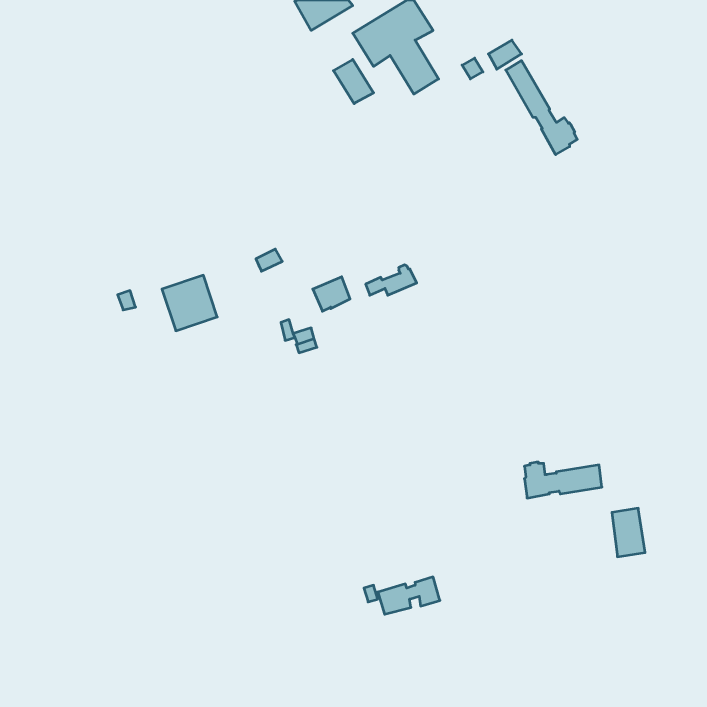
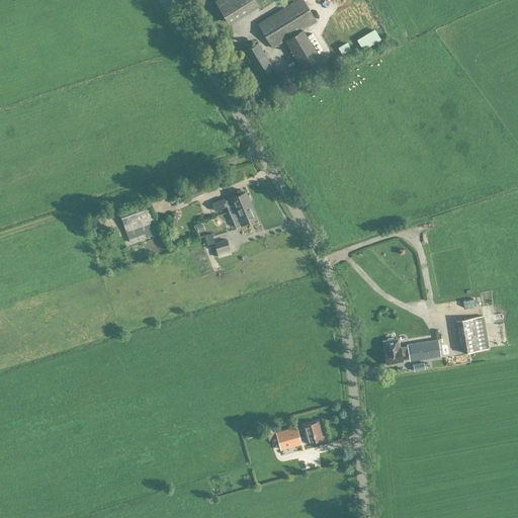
building: [506,61,577,155] -> none
building: [366,265,417,295] -> [212,189,250,211]
building: [612,508,645,557] -> [457,318,482,353]

